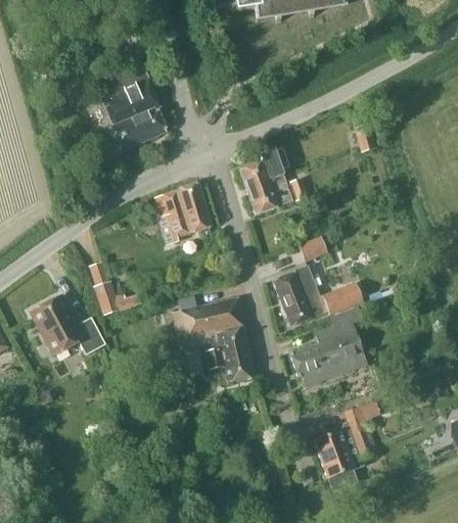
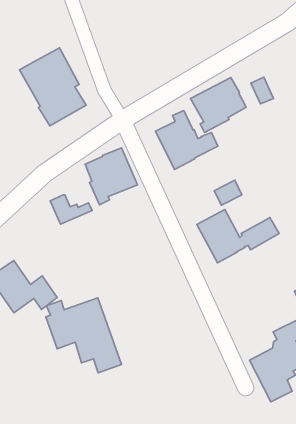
building: none -> [190,77,246,132]
building: [94,282,140,315] -> [50,195,92,224]
building: [176,296,255,383] -> [46,298,121,373]
building: [290,306,367,386] -> none

